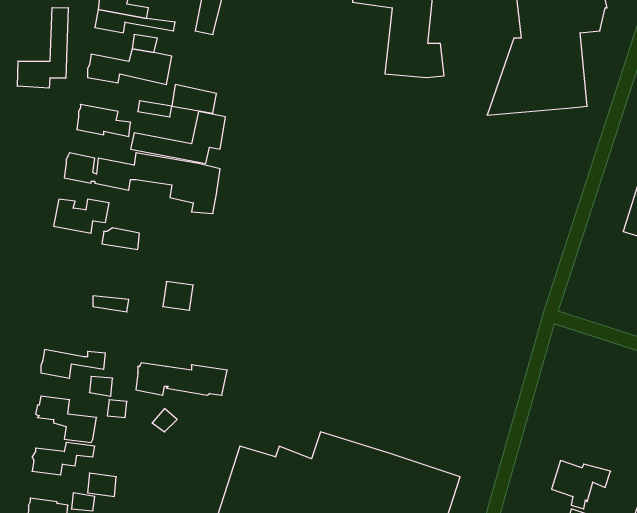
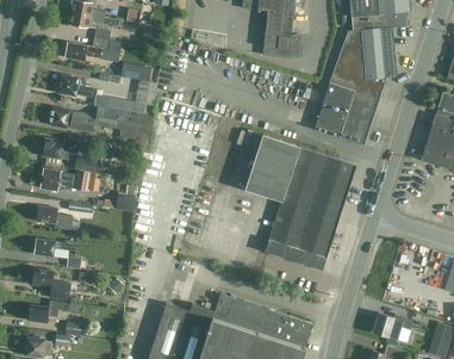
building: [17,8,68,88] -> none
building: none -> [313,78,386,146]
building: none -> [245,135,355,270]
building: none -> [36,205,71,230]
building: [136,363,227,395] -> [39,169,100,191]

